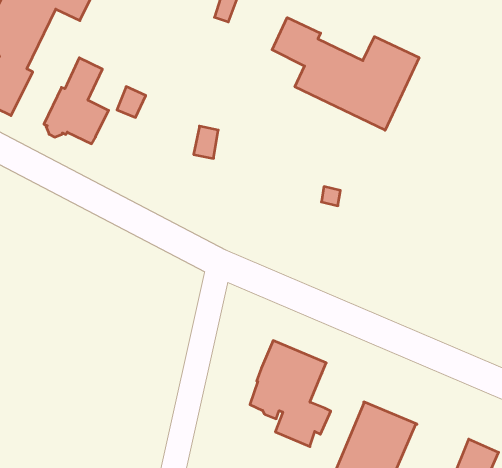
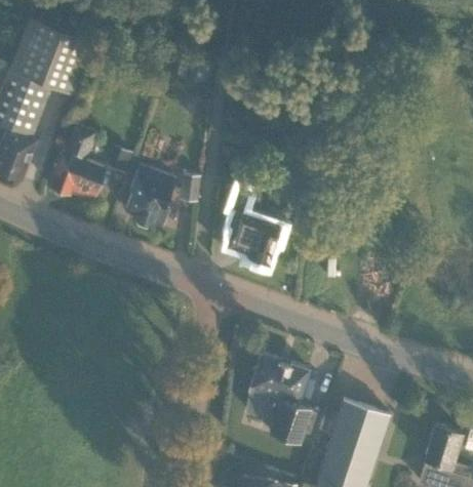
building: [272,18,419,130] -> none
building: none -> [126,167,175,228]
building: none -> [227,186,284,266]

